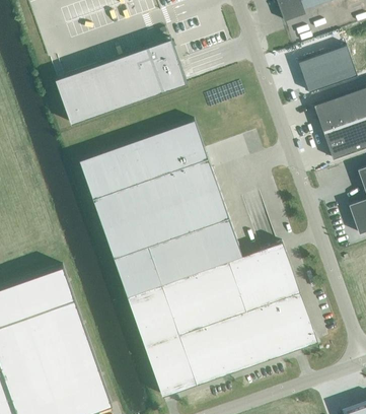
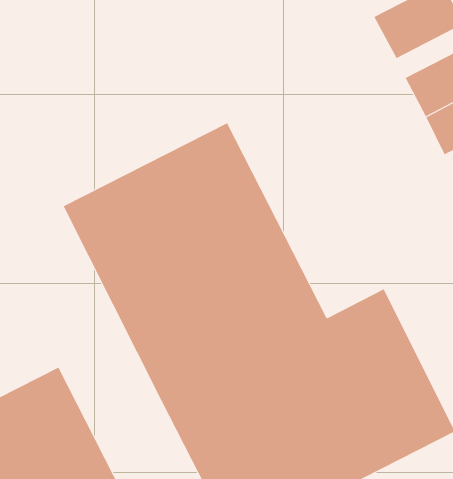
building: [56,40,187,125] -> none

